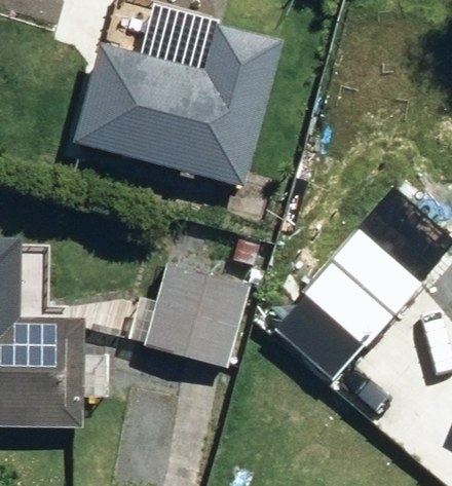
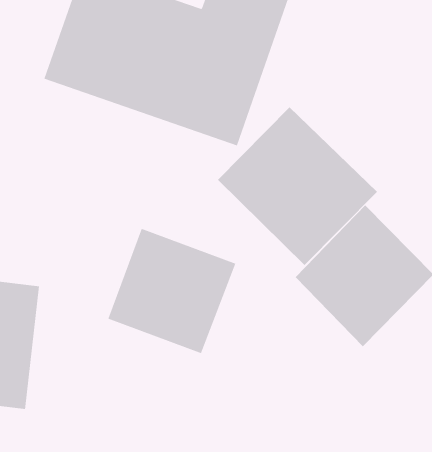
building: none -> [217,106,378,266]

